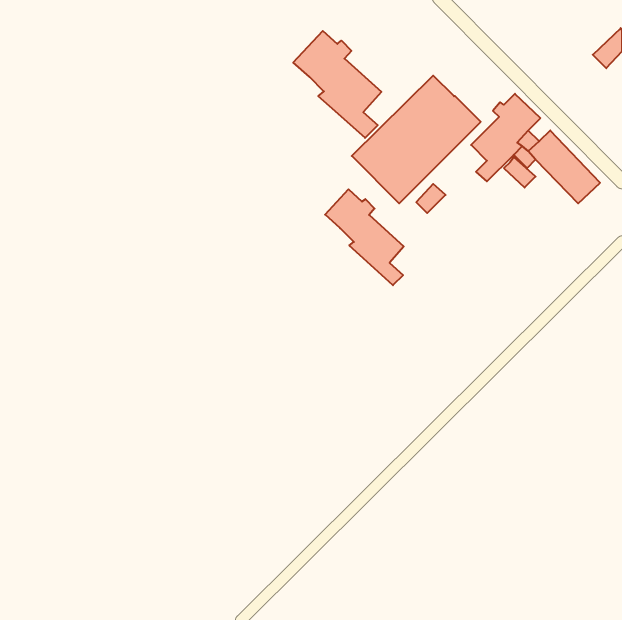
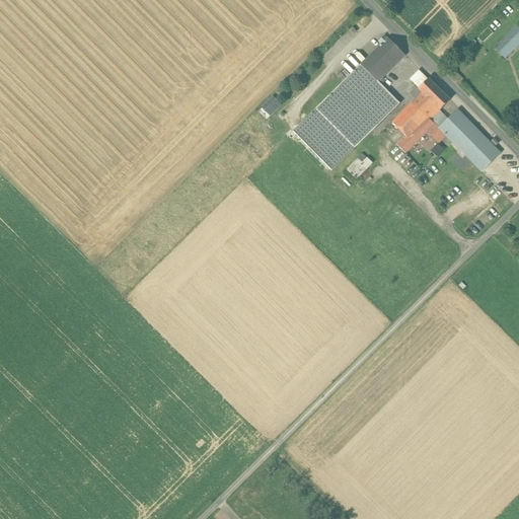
building: [293,31,381,138] -> none
building: none -> [361,35,405,80]
building: [325,189,404,285] -> none

